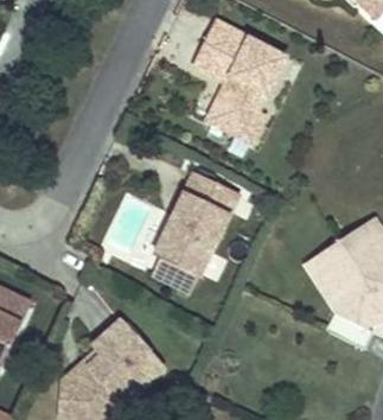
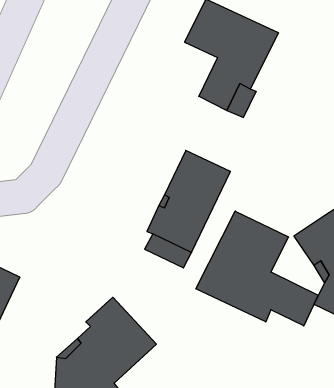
building: none -> [196,211,318,326]

